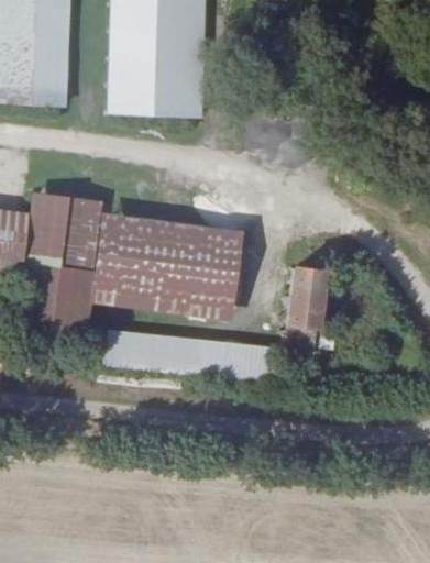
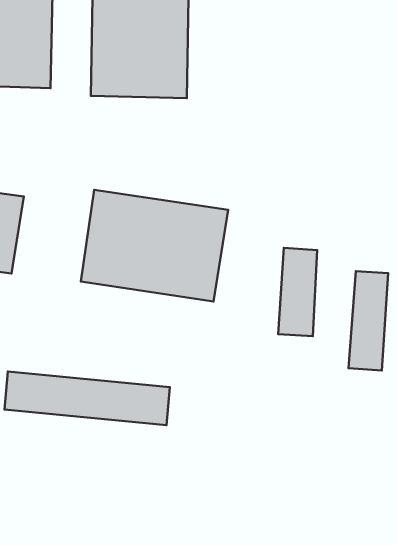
building: [21,198,109,345] -> none
building: none -> [348,271,388,370]
building: [101,330,264,383] -> [5,372,170,425]

